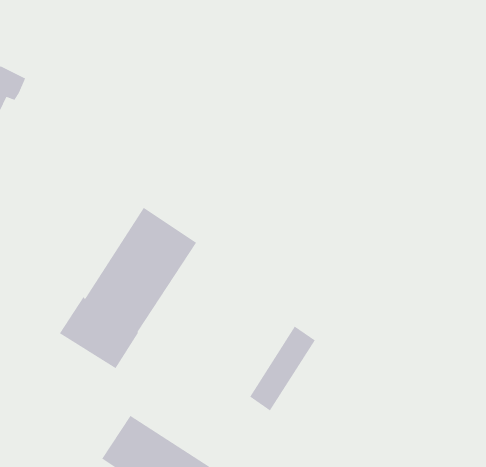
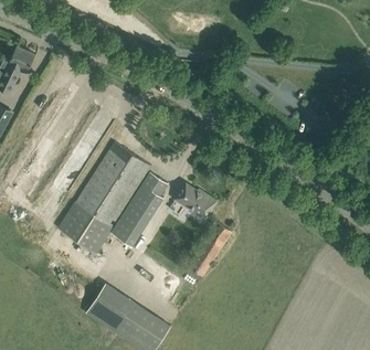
building: none -> [112,172,168,245]
building: none -> [175,182,215,215]

